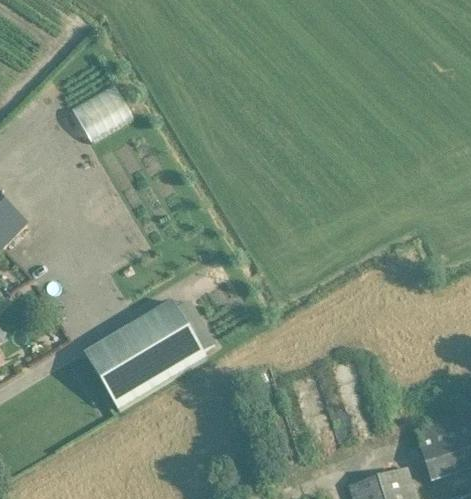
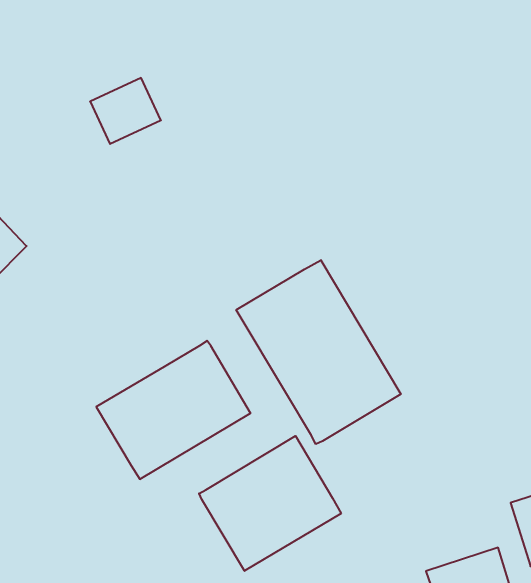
building: none -> [236,260,401,444]
building: none -> [199,436,341,571]

